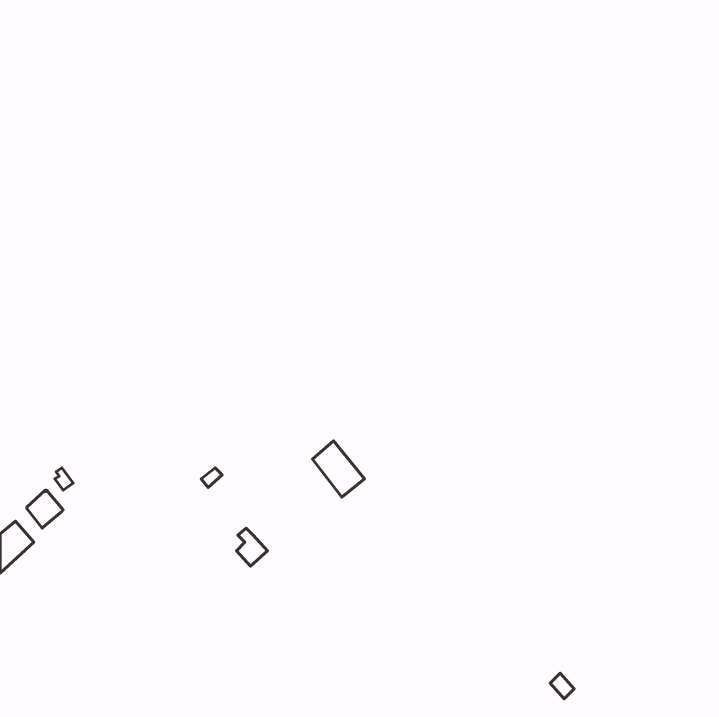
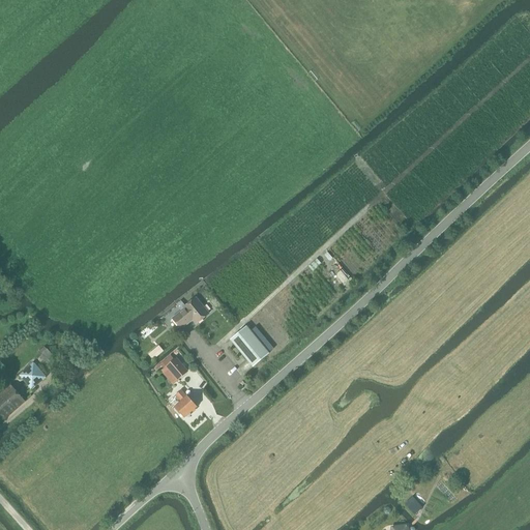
building: none -> [172,295,208,327]
building: none -> [160,356,188,383]

